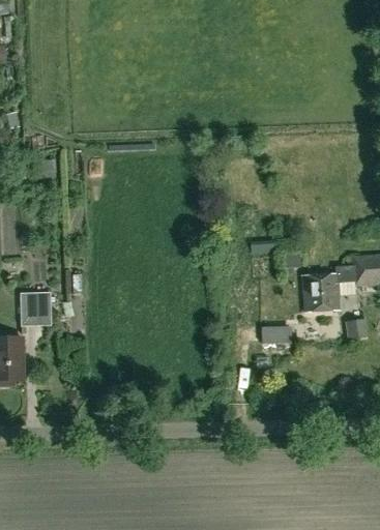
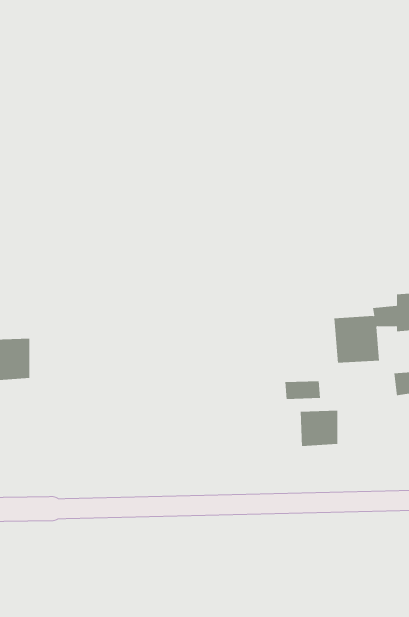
building: none -> [300,410,338,447]

